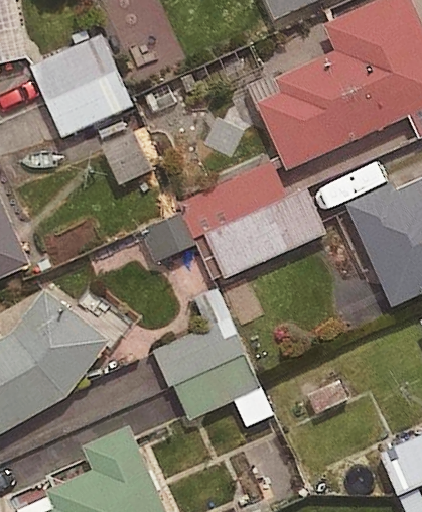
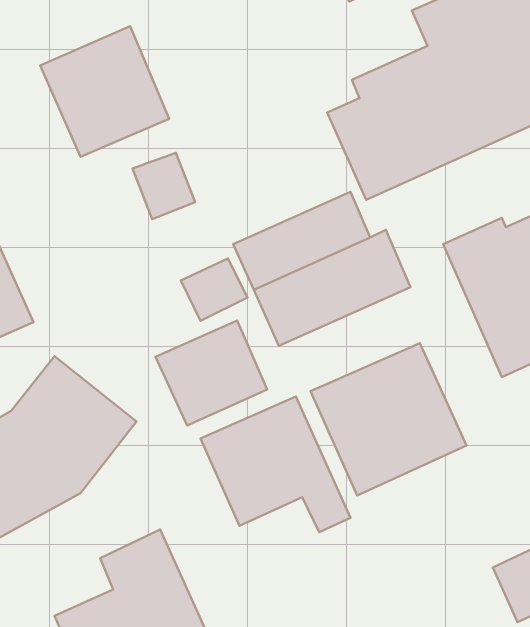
building: none -> [155,321,267,426]
building: none -> [310,343,467,496]

